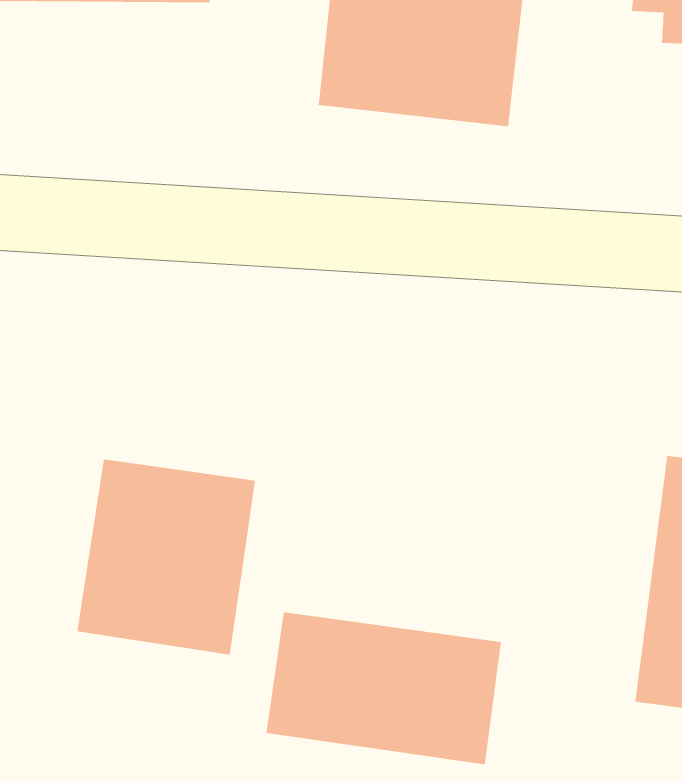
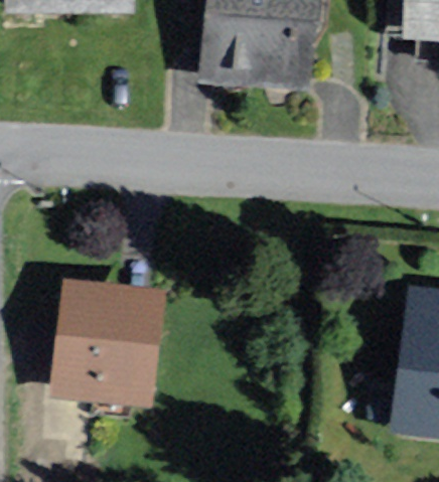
building: [266,612,501,765] -> none

